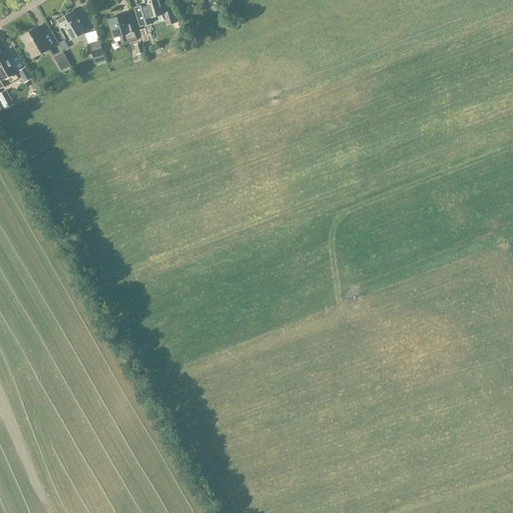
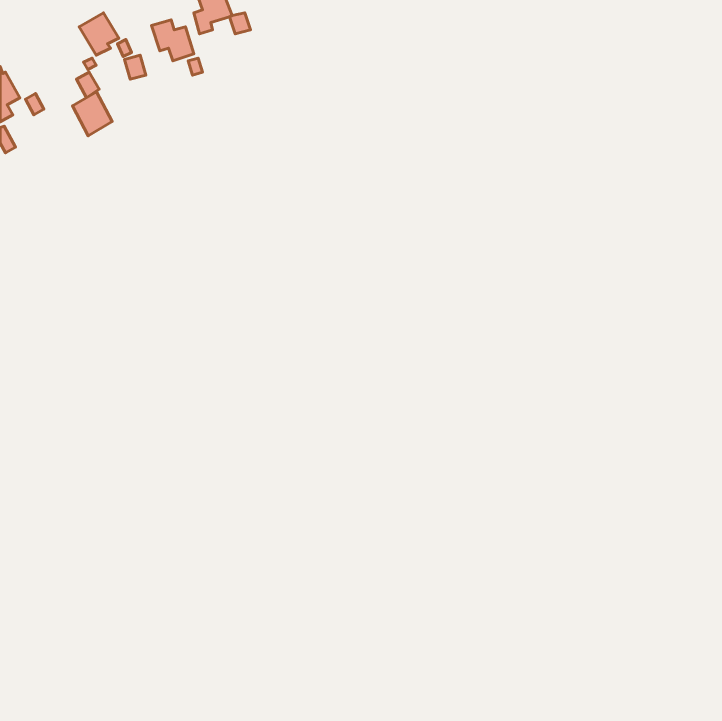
building: [21,25,49,56] -> [73,92,112,136]

